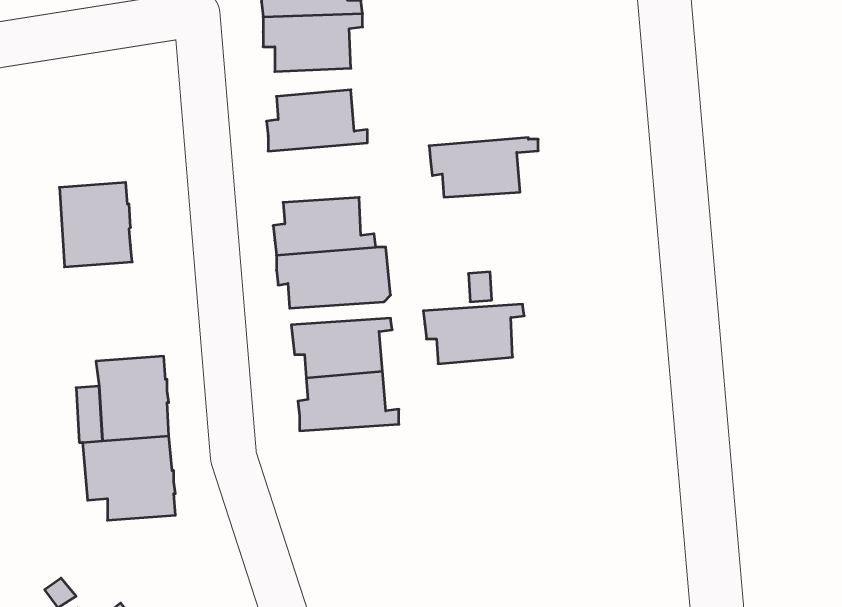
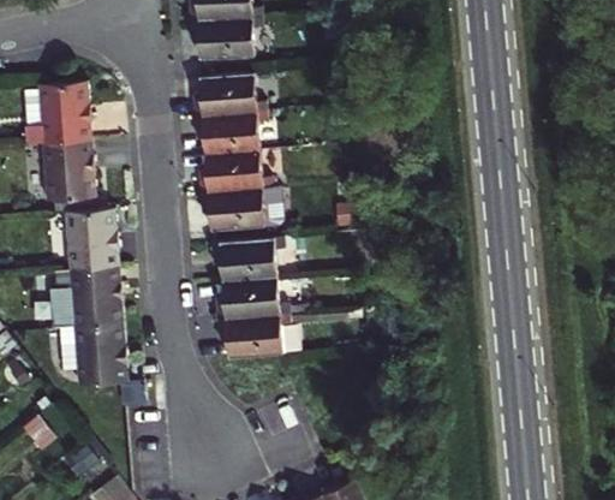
building: none -> [24,82,91,145]
building: [429,138,538,197] -> [195,112,274,155]
building: none -> [66,209,119,270]
building: [423,304,524,364] -> [217,316,291,359]

